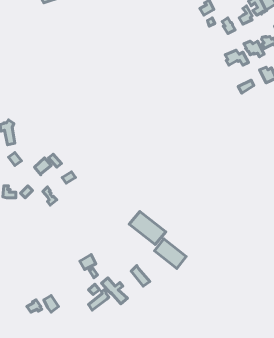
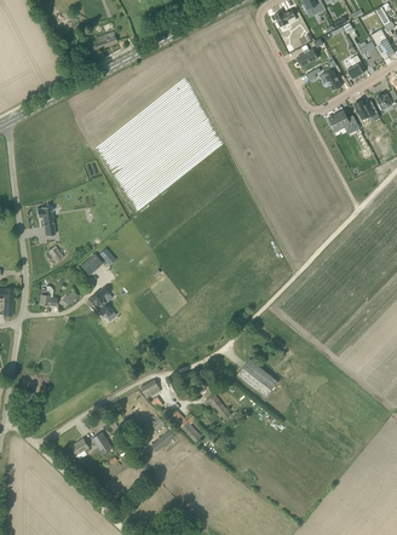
building: [129,211,166,245] -> none

